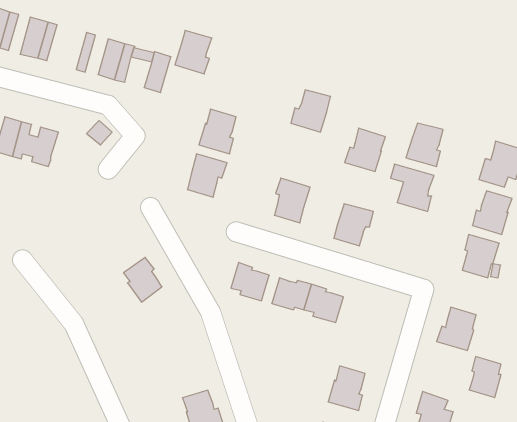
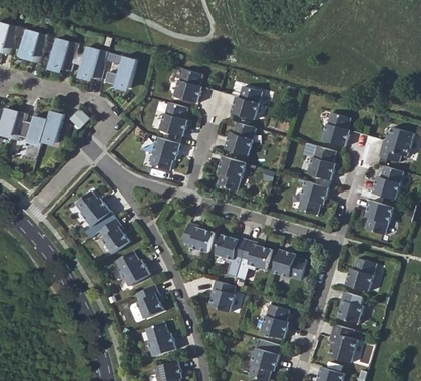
building: none -> [48,39,70,71]
building: [175,30,212,74] -> [173,69,202,103]
building: none -> [42,111,64,143]
building: [345,128,385,171] -> [225,122,257,156]
building: [334,204,373,246] -> [297,181,328,215]
building: none -> [74,189,111,226]
building: none -> [273,250,307,281]
building: none -> [115,251,150,286]
building: none -> [210,281,236,313]
building: none -> [132,286,163,322]
building: [469,357,501,398] -> [338,292,363,324]

